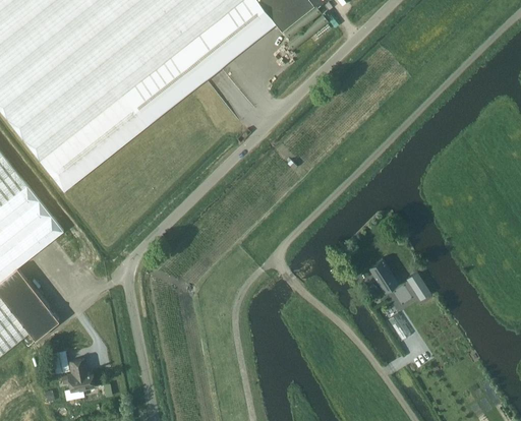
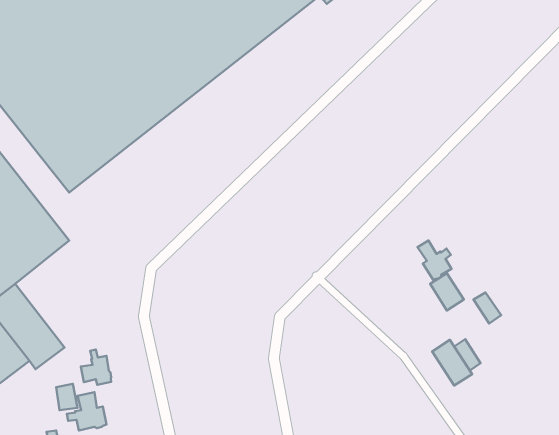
building: none -> [417,240,452,280]
building: none -> [432,340,472,385]
building: none -> [81,350,111,385]

